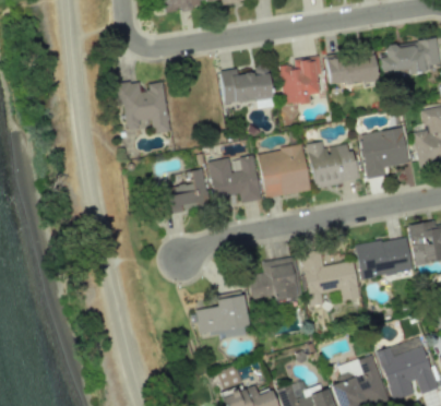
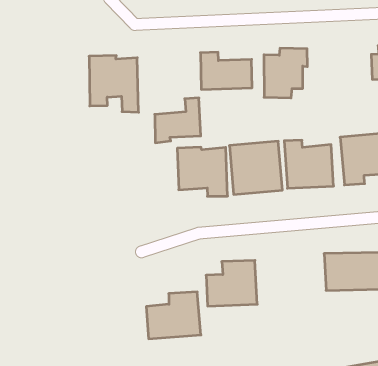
building: [326,50,379,85] -> none
building: [165,168,210,214] -> [155,98,201,143]
building: [300,251,360,304] -> none

